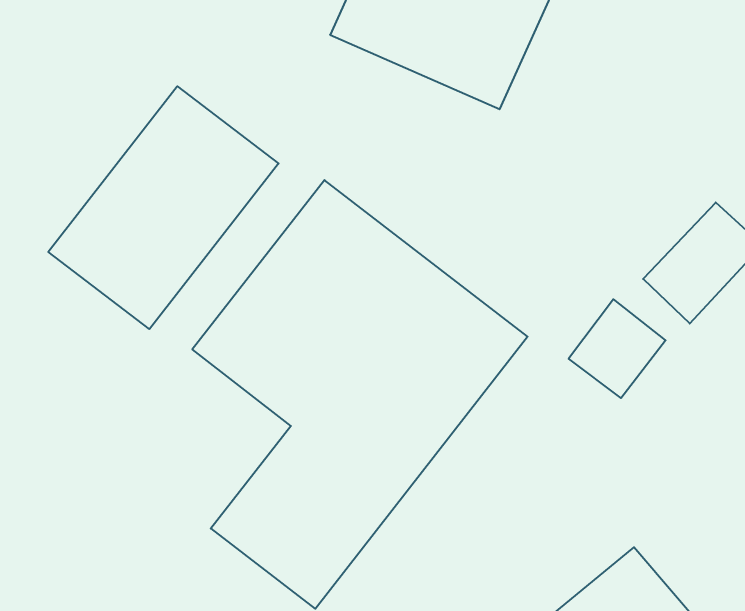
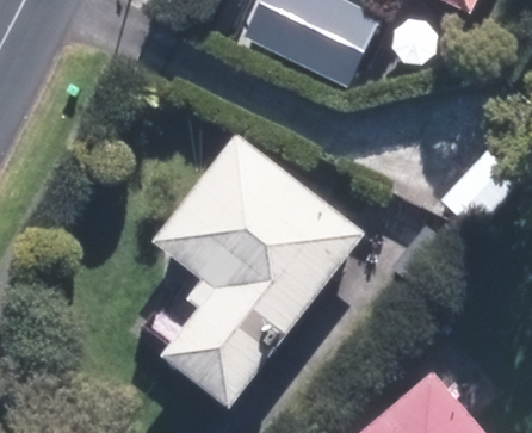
building: [48,86,279,329] -> none

